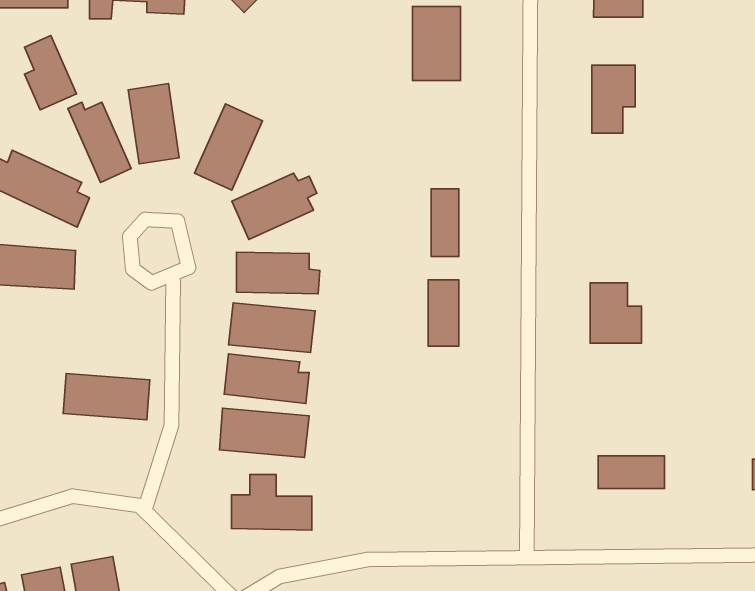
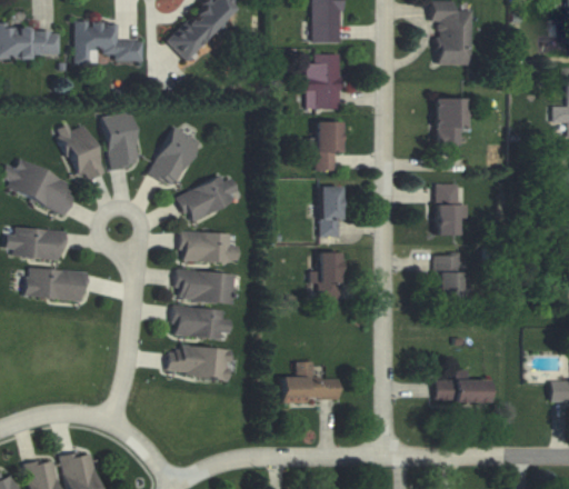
building: [24,36,77,110] -> none
building: none -> [316,122,340,170]
building: none -> [437,183,467,234]
building: [63,373,150,420] -> [24,268,87,301]
building: [231,475,312,530] -> [281,362,339,402]

